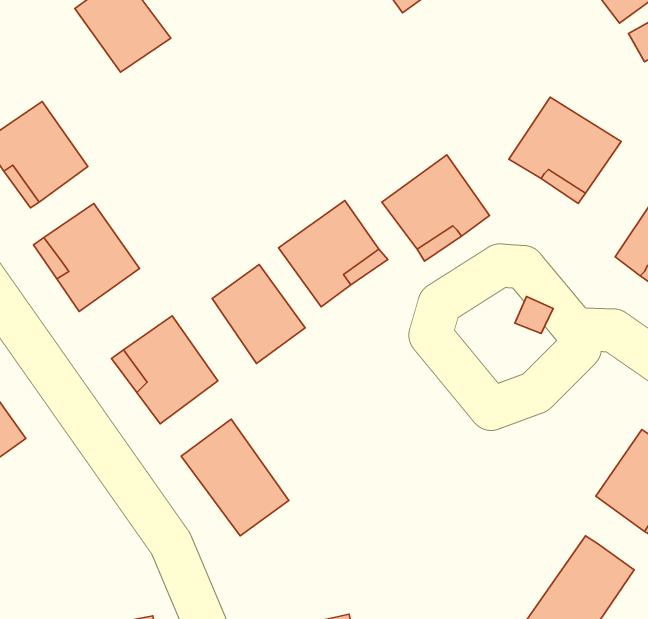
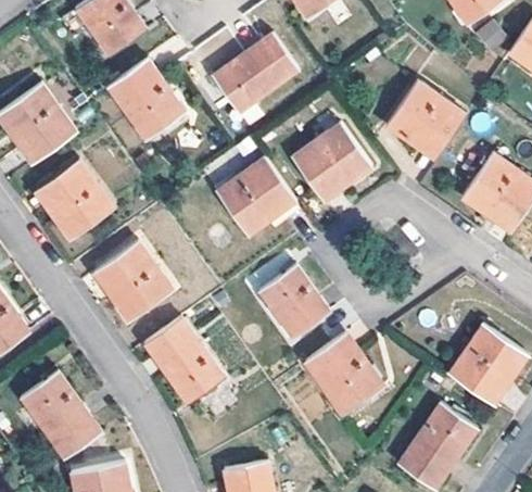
building: none -> [213,33,299,113]
building: none -> [110,59,186,139]
building: [212,264,305,363] -> [262,265,330,338]
building: none -> [306,332,383,415]
building: none -> [21,371,101,458]

